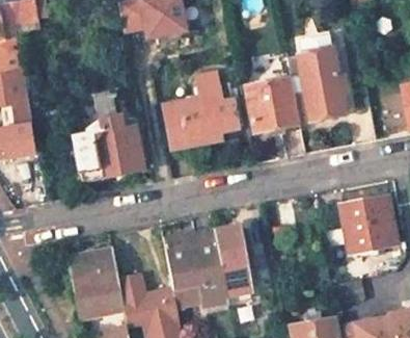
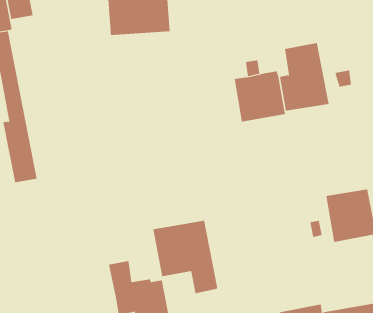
building: [164,69,237,145] -> none
building: [74,111,144,178] -> none
building: [216,226,250,298] -> none
building: [70,251,124,318] -> none

